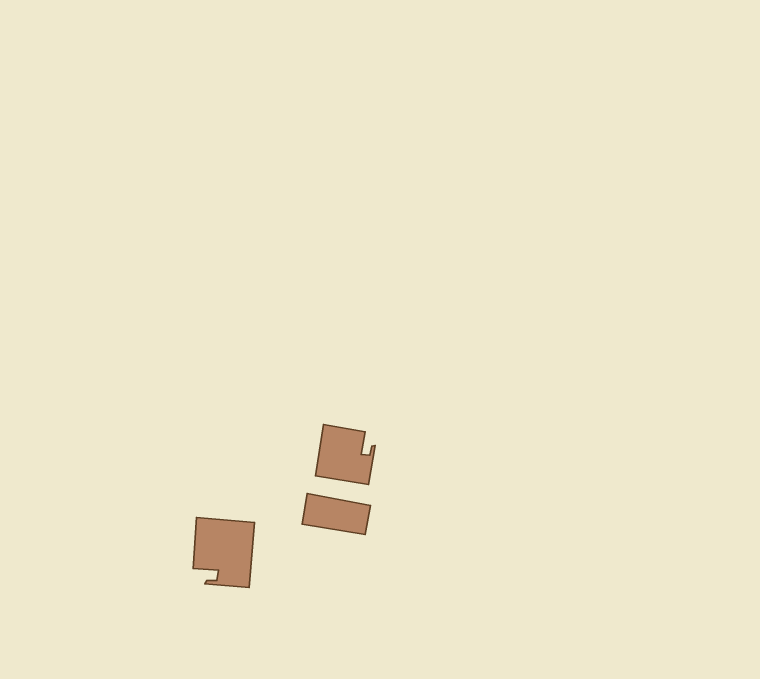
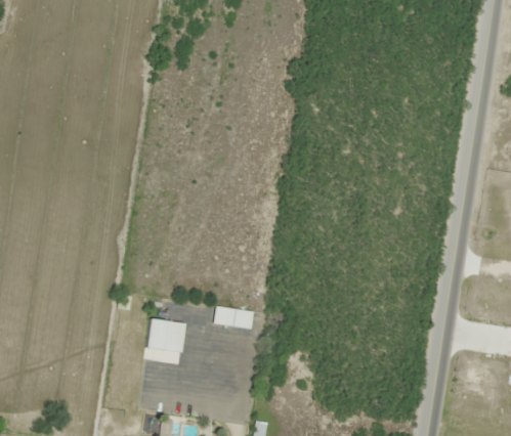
building: [316,424,375,485] -> none

